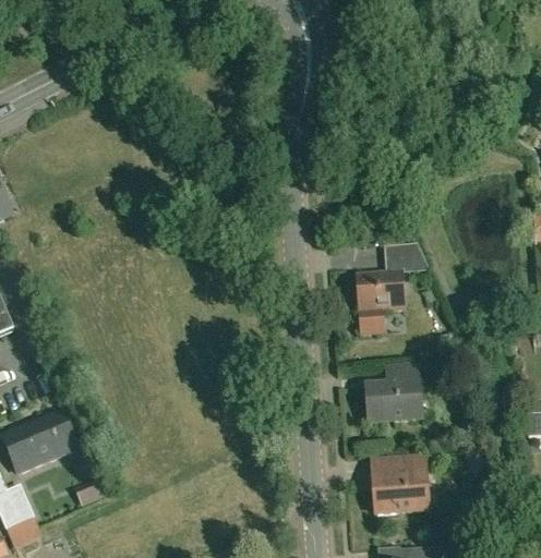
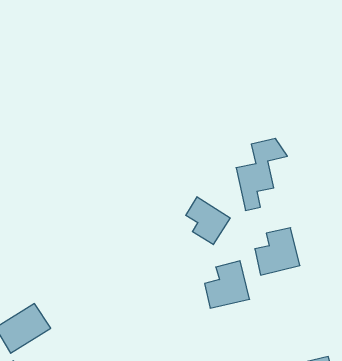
building: none -> [186,197,230,245]
building: [372,456,429,512] -> [205,261,250,308]

